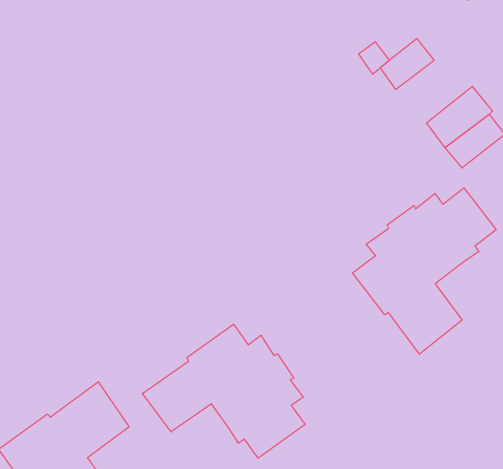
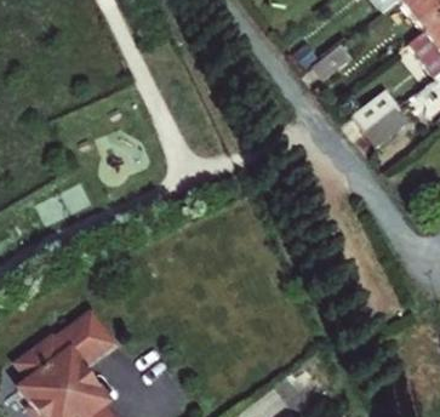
building: [353,188,496,354] -> none
building: [142,324,305,458] -> none

